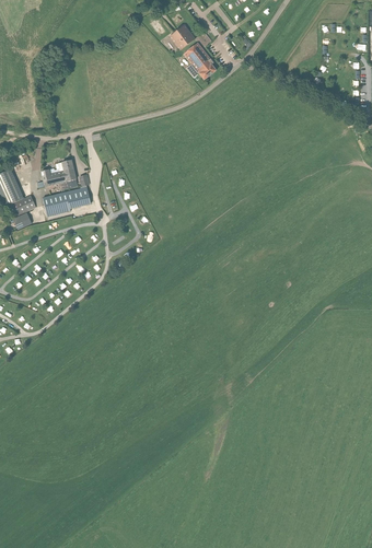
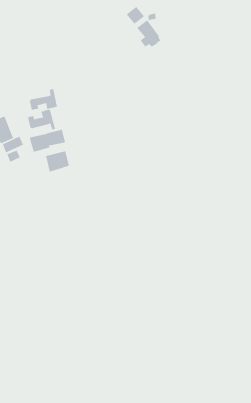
building: none -> [29,88,57,111]
building: none -> [45,151,69,172]

